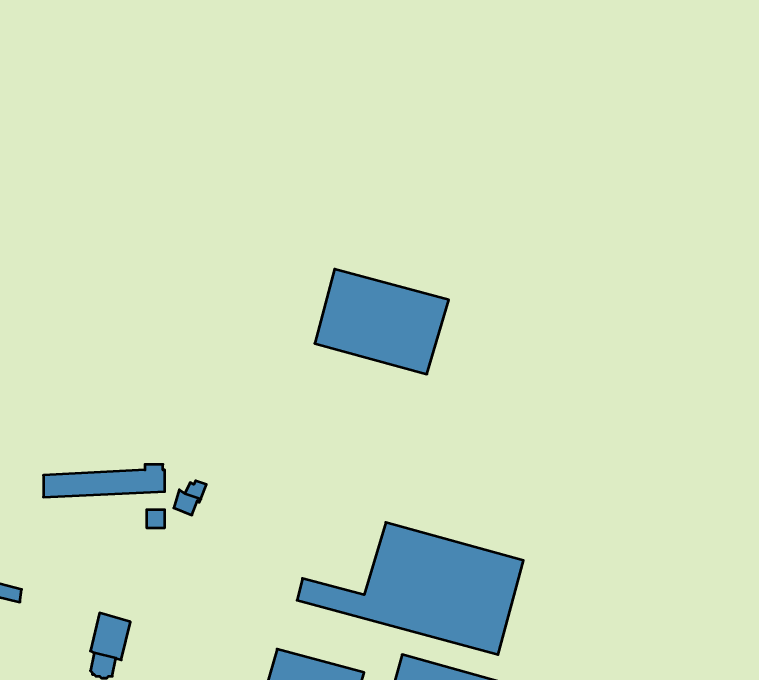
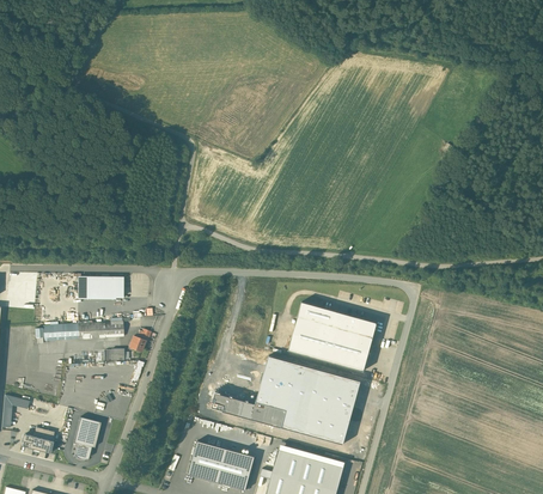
building: [315,269,449,374] -> [288,301,377,371]
building: none -> [79,276,115,295]
building: none -> [22,427,54,452]

